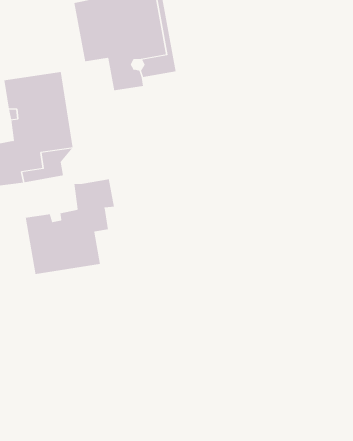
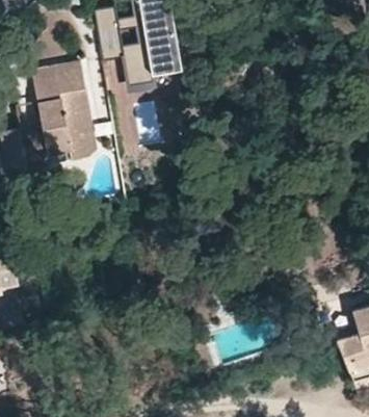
building: [25,179,115,275] -> none

